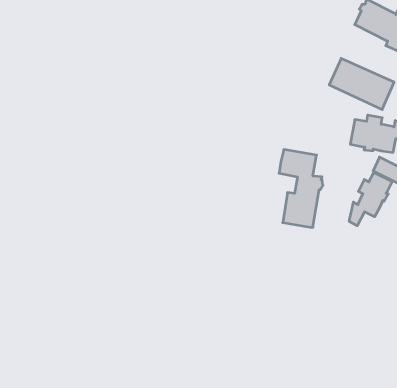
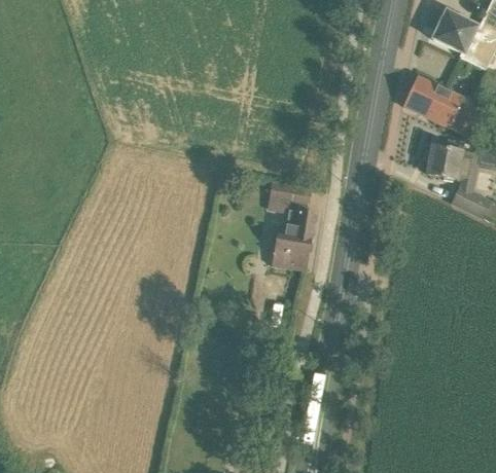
building: [279,150,323,227] -> [268,182,317,269]
building: [349,172,392,226] -> none

